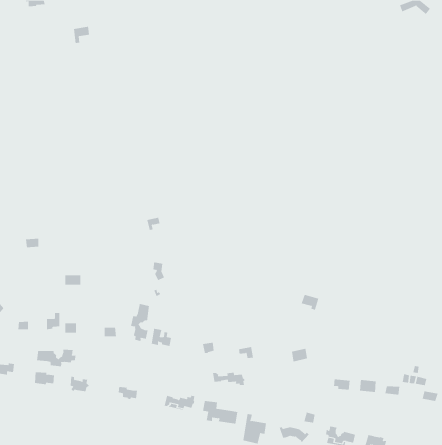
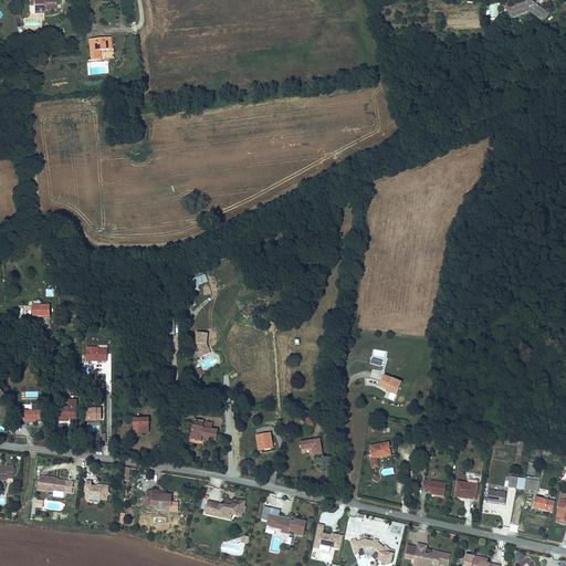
building: [130,303,150,342] -> none
building: [37,349,76,367] -> none
building: [213,372,245,386] -> none

